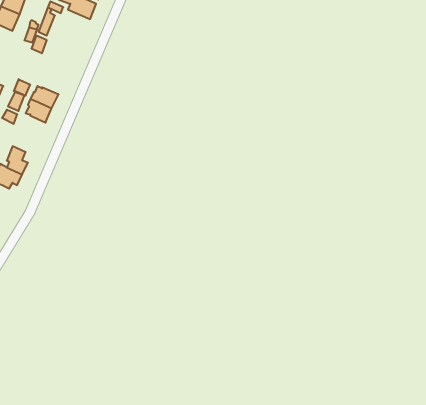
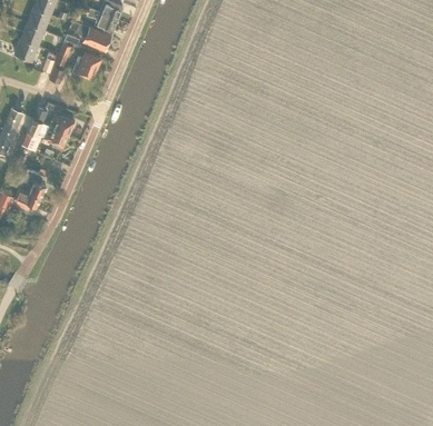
building: none -> [72,52,100,79]

